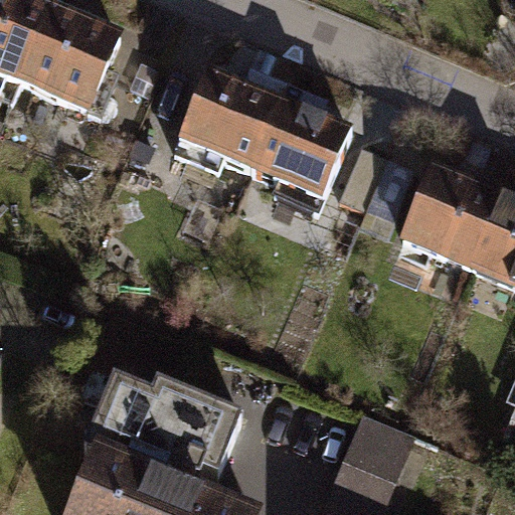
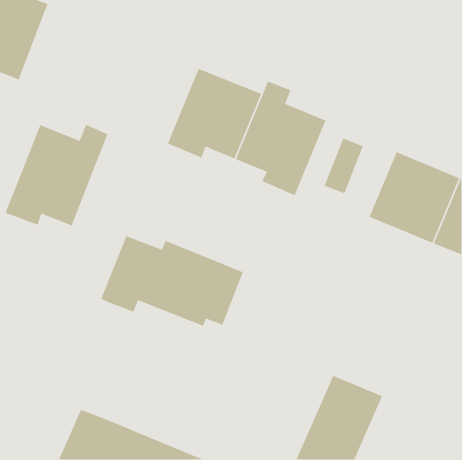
building: [21,4,128,123] -> none
building: none -> [4,124,108,226]
building: [79,374,237,475] -> [100,235,244,327]

